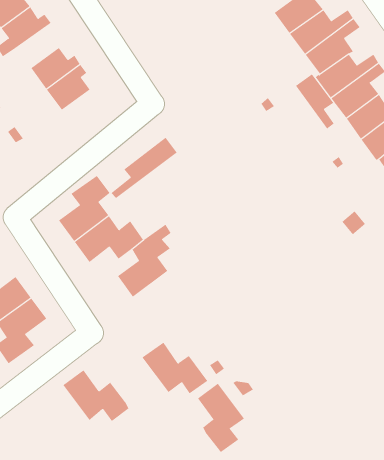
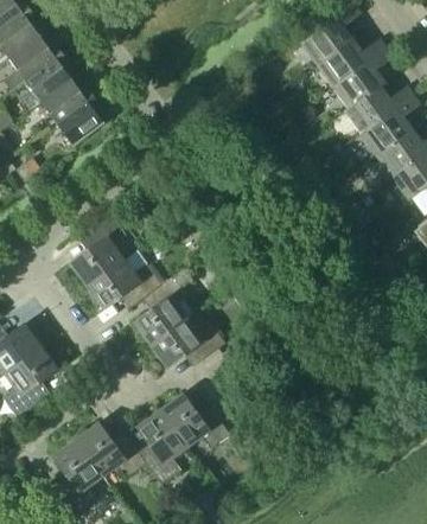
building: none -> [25,52,71,101]
building: [295,74,334,130] -> none
building: [110,137,178,199] -> none
building: none -> [149,317,225,368]
building: [197,383,245,453] -> [136,409,187,484]
building: none -> [52,439,103,513]

